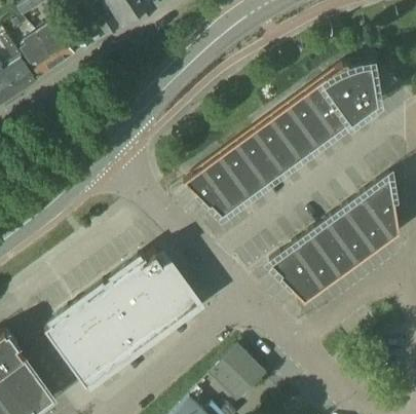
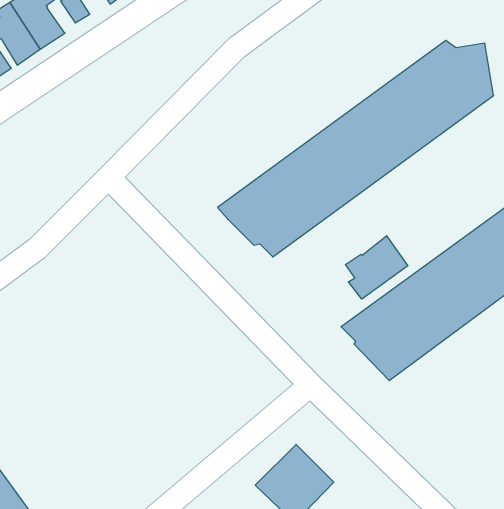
building: none -> [346,236,408,299]
building: [45,254,199,388] -> none

